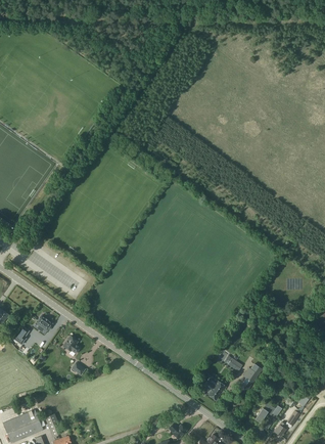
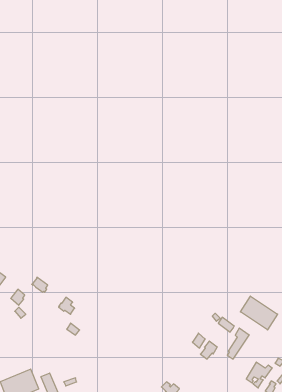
building: none -> [240,296,278,330]

